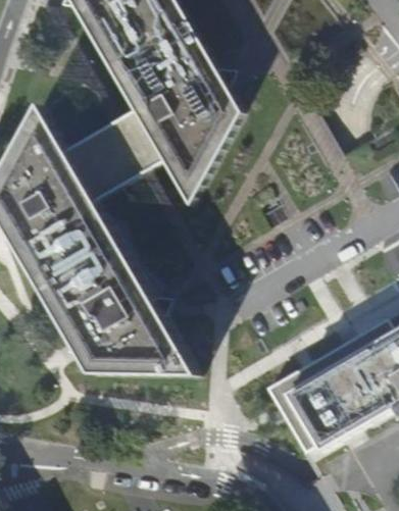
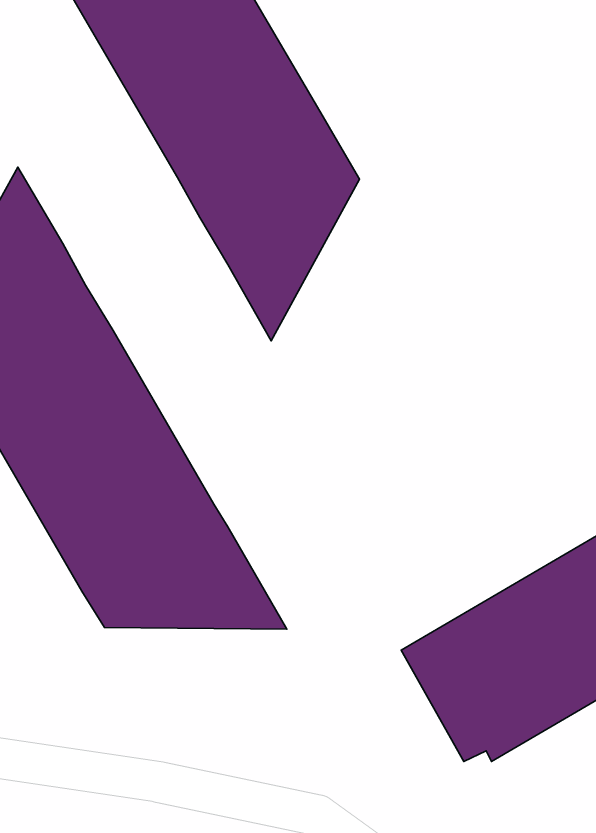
building: [65,110,162,200] -> none

